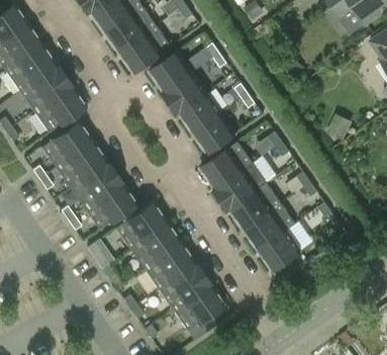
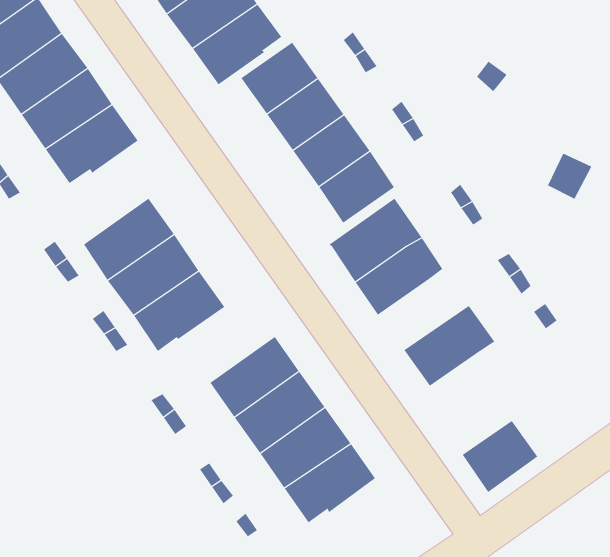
building: [40,119,93,168] -> none
building: [226,182,280,230] -> none
building: [114,200,167,249] -> none
building: [257,231,301,273] -> [462,420,538,493]

